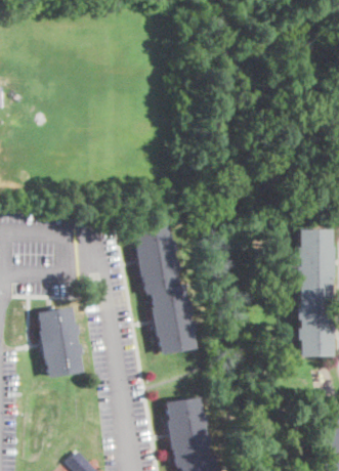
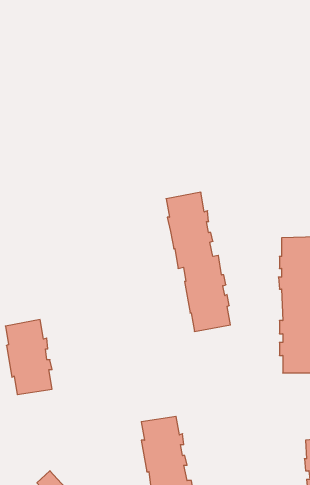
building: [135,224,196,355] -> [166,192,230,331]

